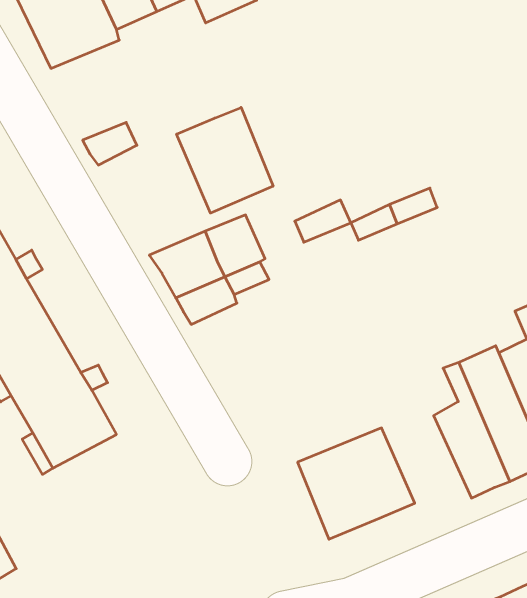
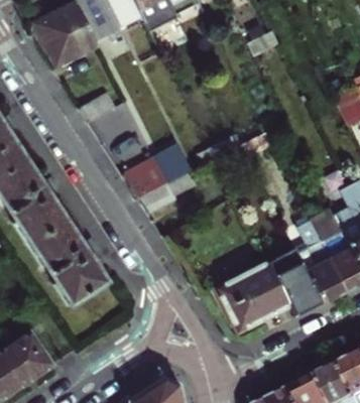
building: [177,107,273,213] -> none
building: none -> [262,250,318,317]

